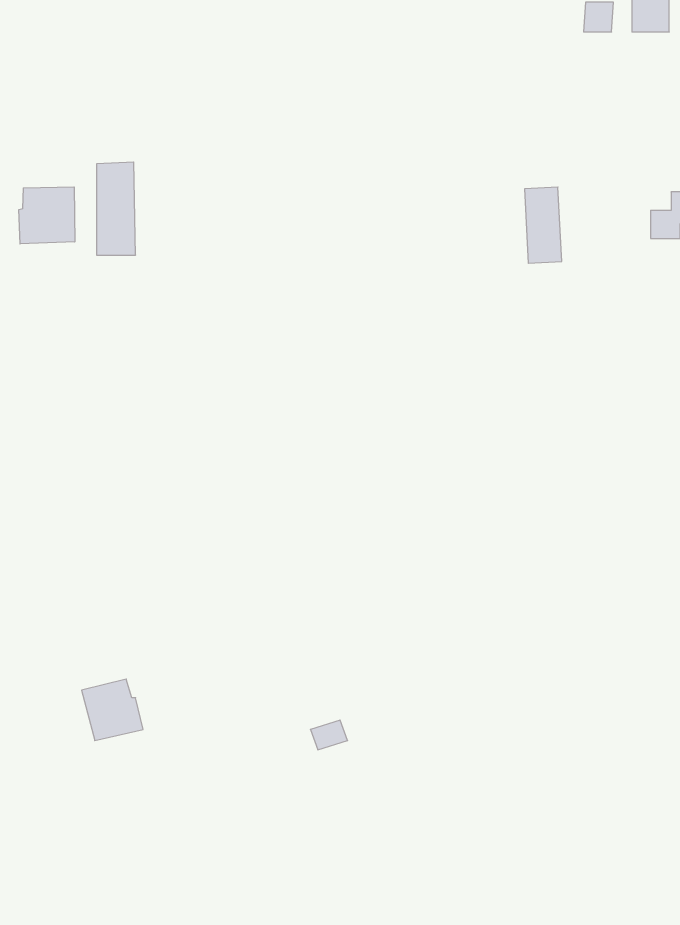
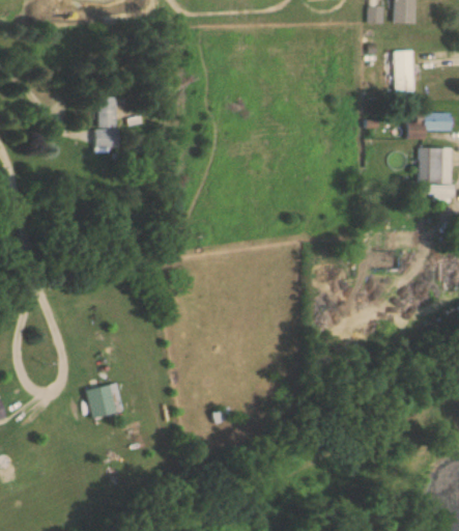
building: [19,187,75,244] -> none
building: [525,187,562,263] -> [392,51,412,93]

